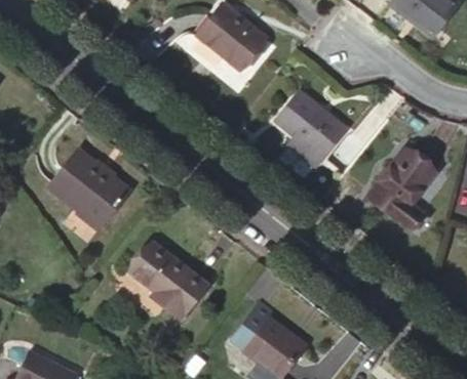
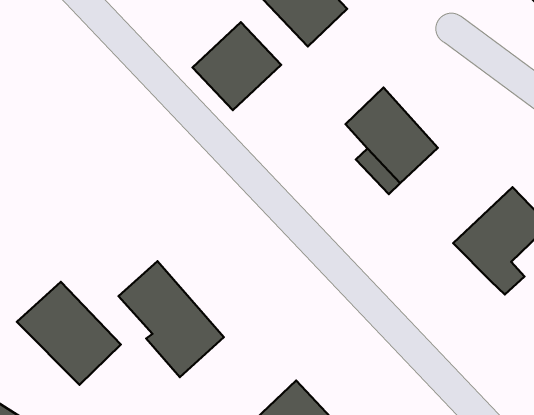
building: none -> [193,22,281,110]
building: [47,148,125,220] -> [17,282,121,385]

